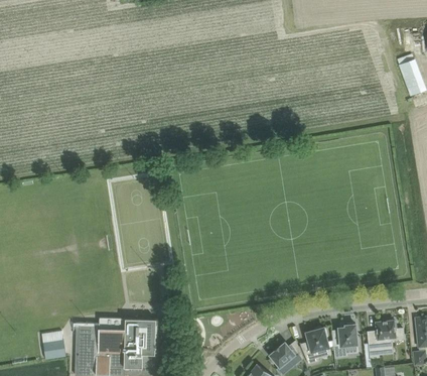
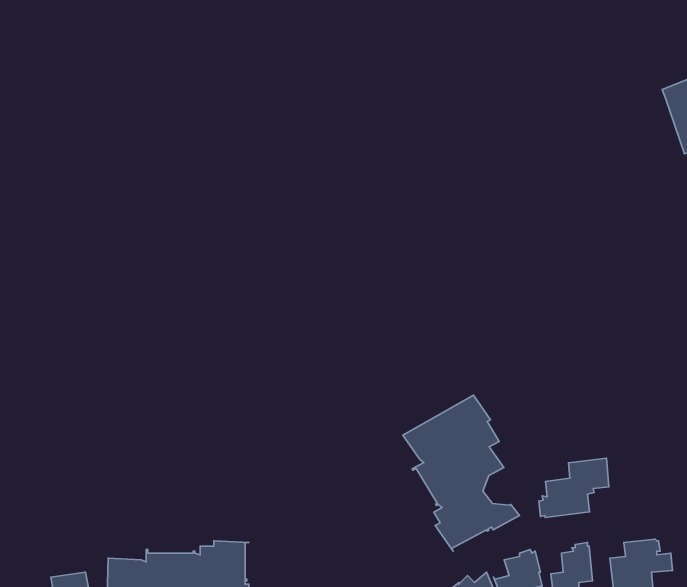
building: none -> [403,395,520,551]
building: none -> [539,458,609,518]

